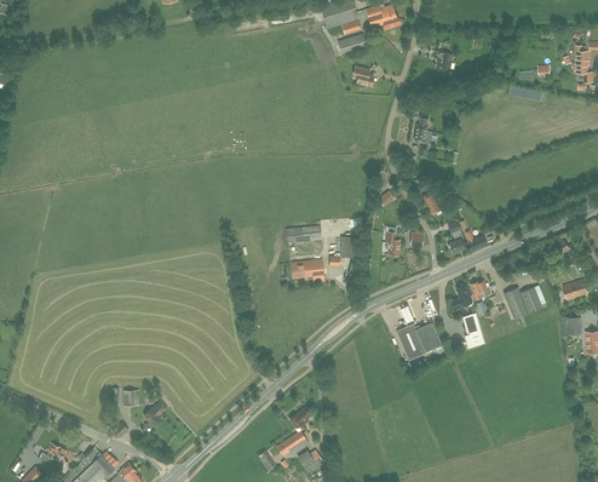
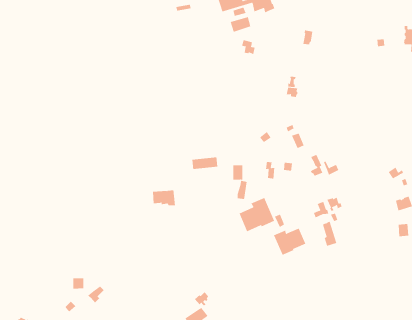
building: [292,259,324,281] -> [152,190,176,206]
building: none -> [239,197,275,232]
building: [504,286,542,319] -> none

